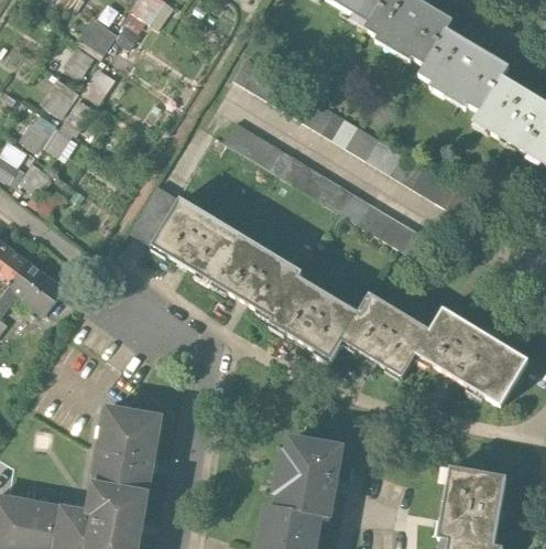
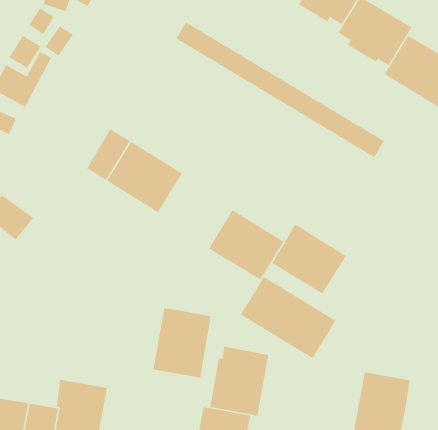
building: [215,117,437,263] -> none
building: [212,237,302,320] -> none
building: [417,311,529,408] -> [240,276,337,359]
building: [98,403,166,486] -> [153,307,211,378]

